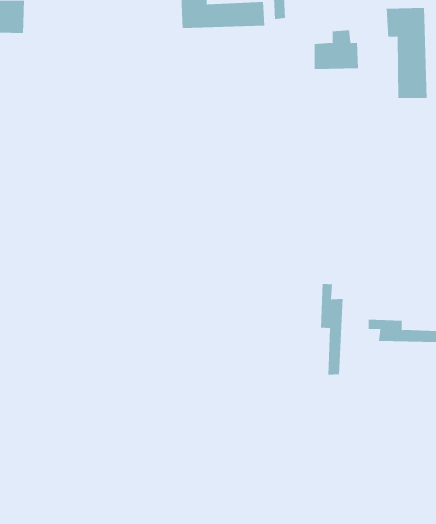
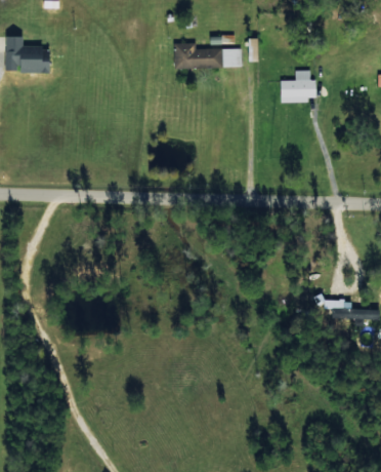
building: [386,7,427,99] -> none
building: [321,283,343,376] -> none

